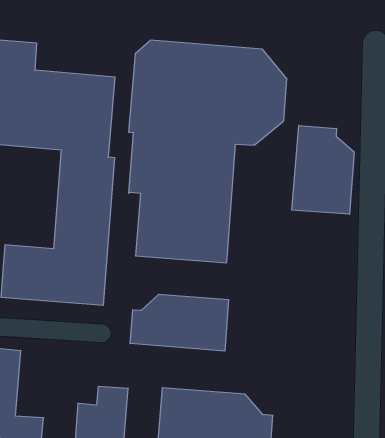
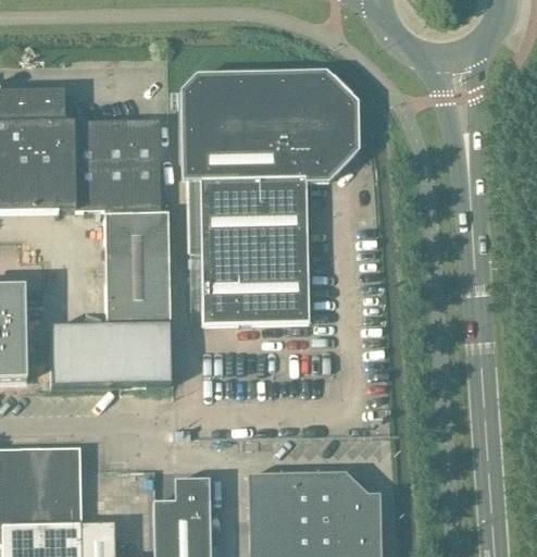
building: [292,125,354,214] -> none
building: [130,294,228,351] -> none

